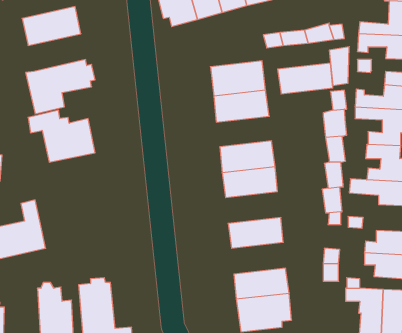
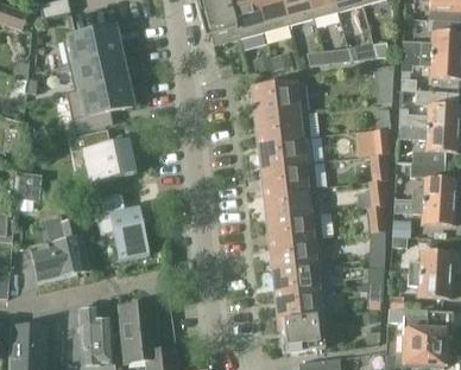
building: none -> [69,52,127,90]
building: [278,63,333,94] -> [259,135,315,166]
building: none -> [93,191,150,260]
building: none -> [269,211,324,243]
building: none -> [274,262,329,294]

